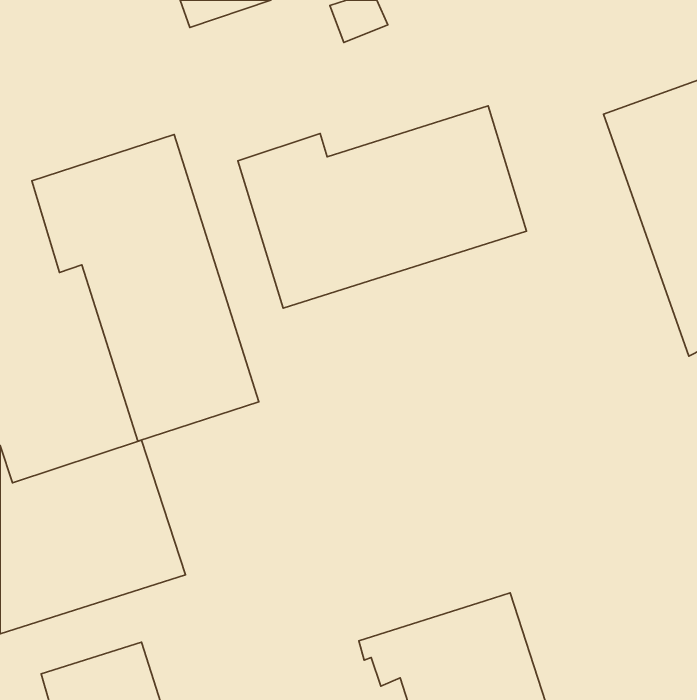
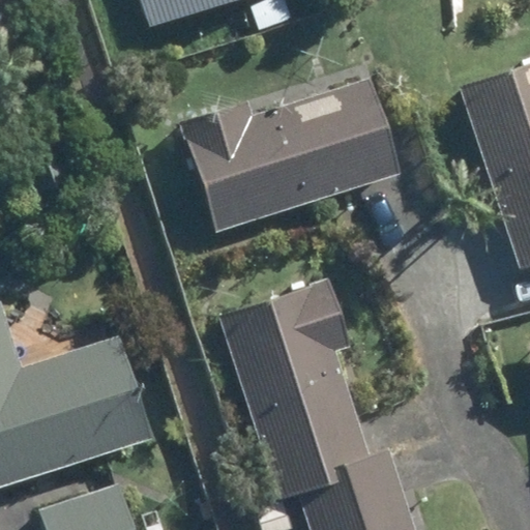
building: [32,135,259,441] -> none
building: none -> [220,282,370,484]

